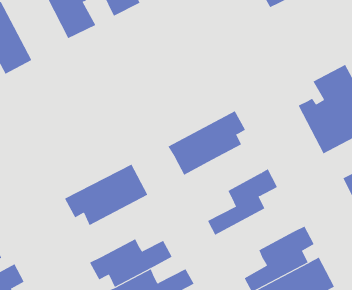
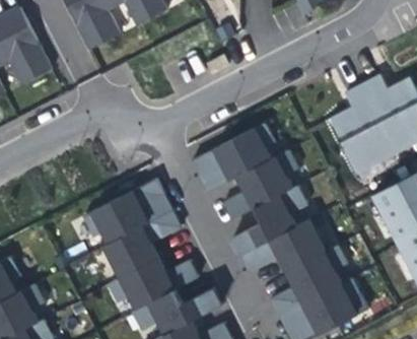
building: none -> [222,148,297,219]
building: none -> [106,211,180,276]
building: none -> [241,219,324,272]

